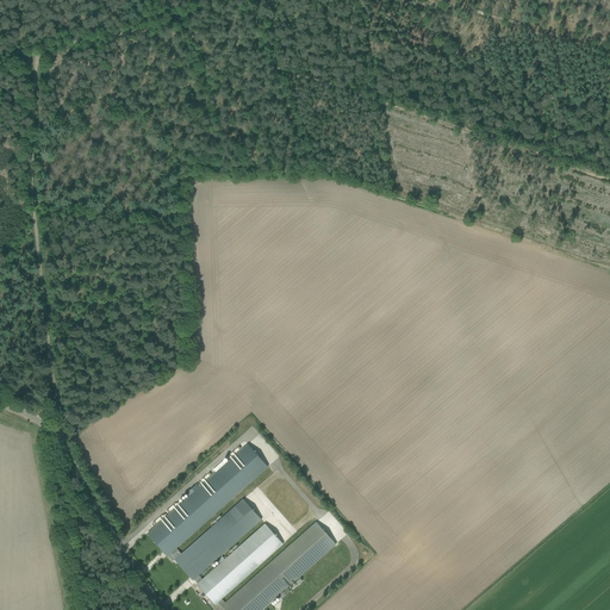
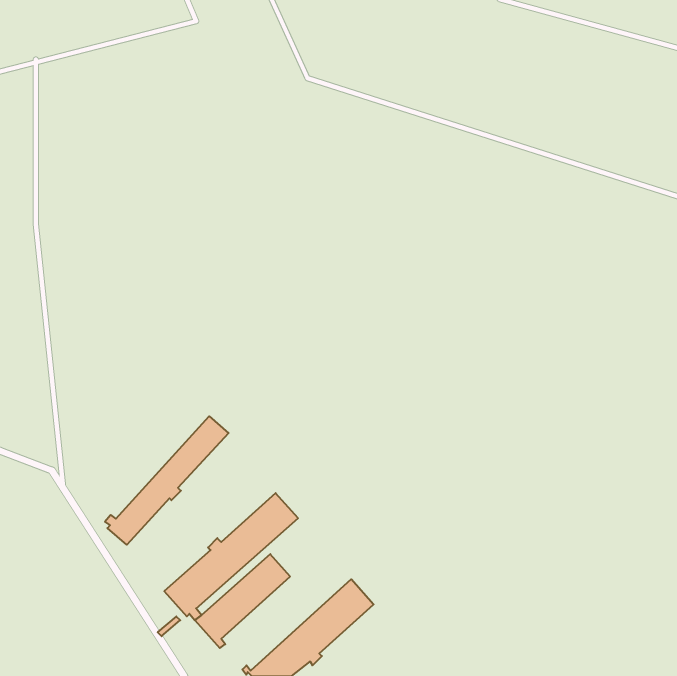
building: none -> [105,416,229,545]
building: [198,523,282,603] -> none

